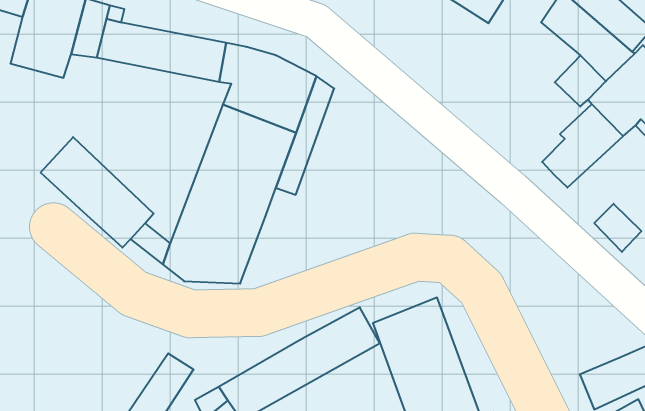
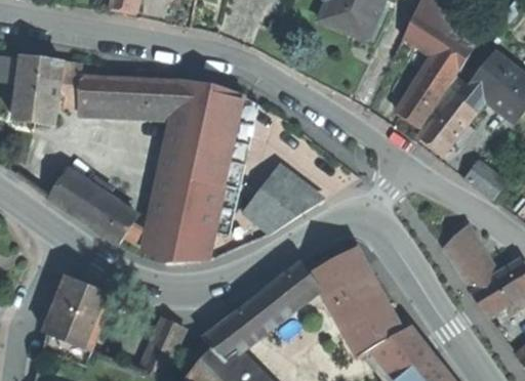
building: none -> [397,76,442,126]
building: none -> [243,166,321,234]
building: none -> [42,274,114,349]
building: none -> [441,224,497,290]

